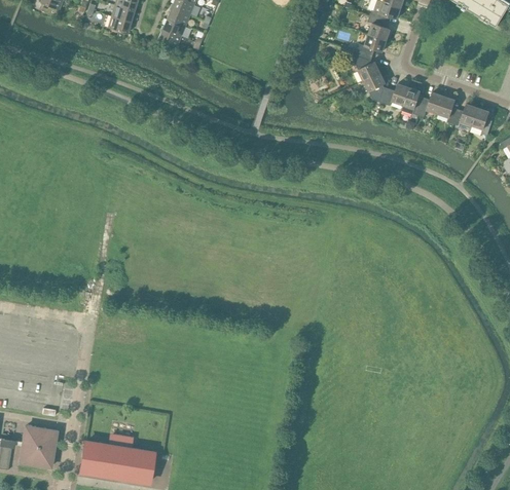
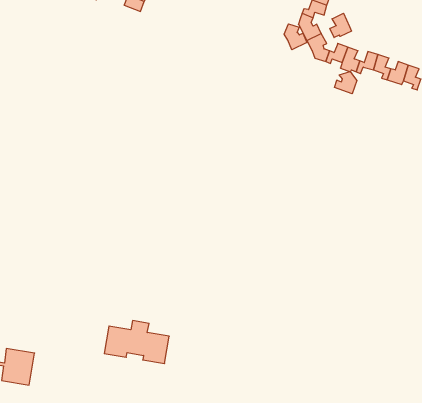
building: none -> [330,13,352,38]
building: none -> [284,24,307,50]
building: none -> [334,72,357,94]
building: [80,435,153,483] -> [104,321,169,364]

